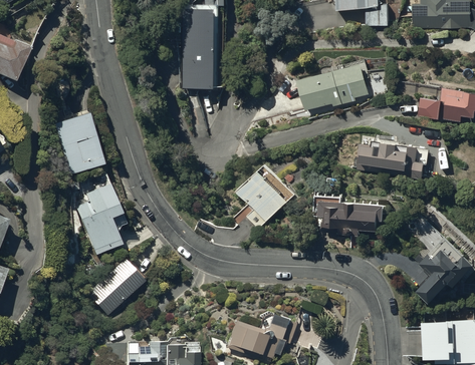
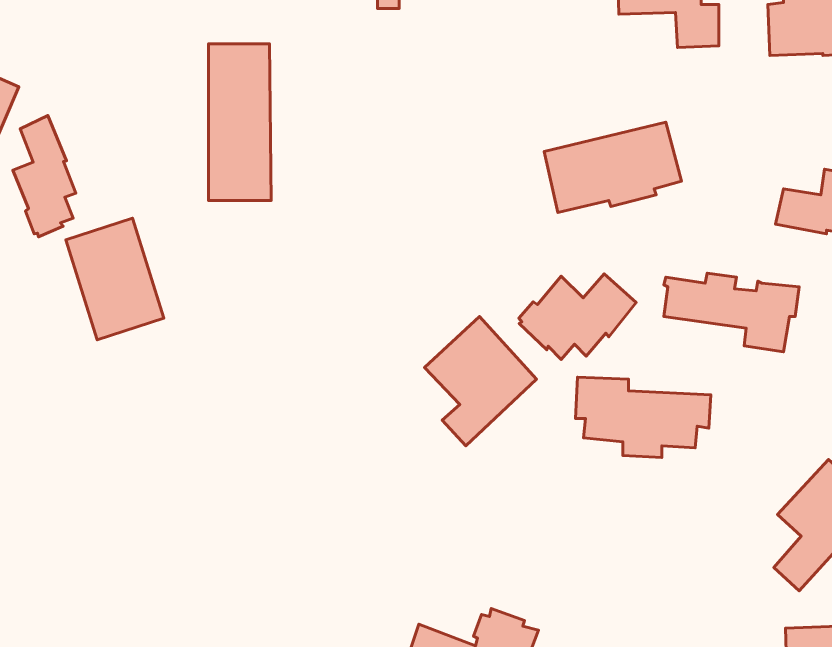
building: [184,9,216,89] -> [209,44,271,201]
building: none -> [13,115,76,237]
building: none -> [519,274,636,360]
building: [75,185,123,255] -> none
building: [87,260,145,316] -> none

